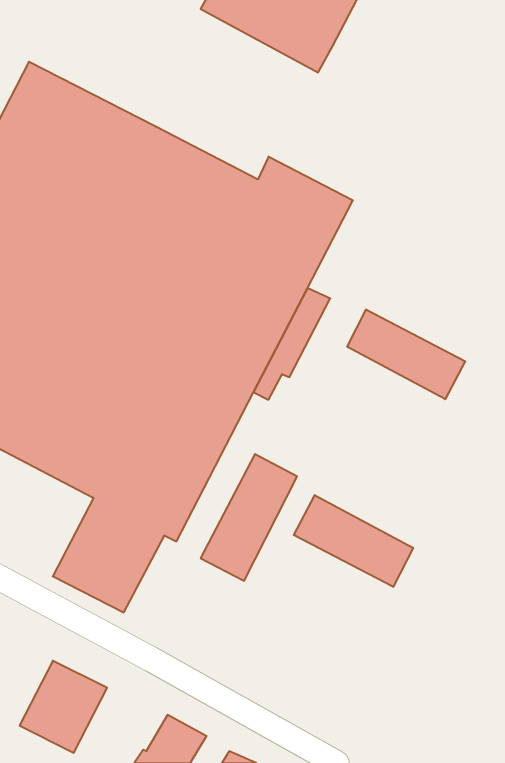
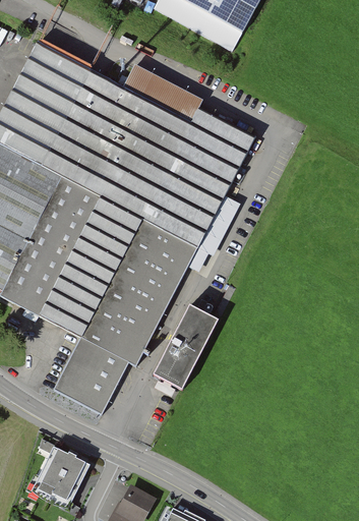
building: none -> [122,63,202,121]
building: [347,309,465,399] -> none
building: [294,495,413,587] -> none

